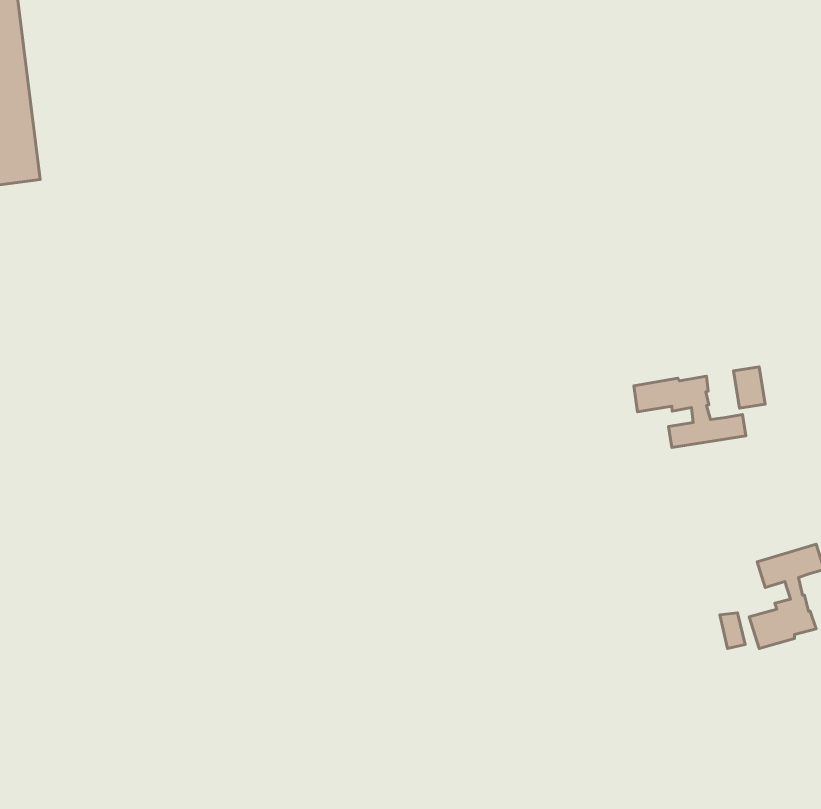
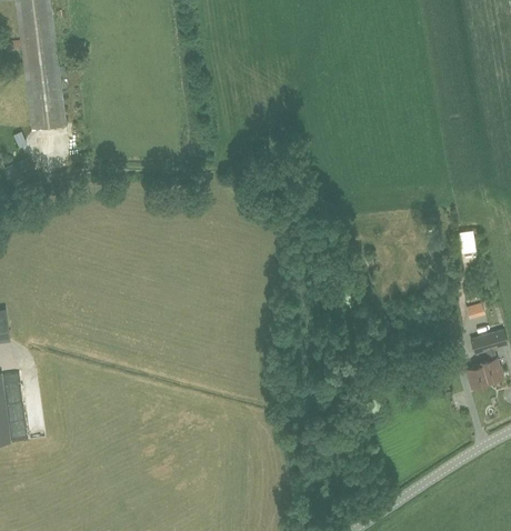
building: [634,376,746,448] -> none

